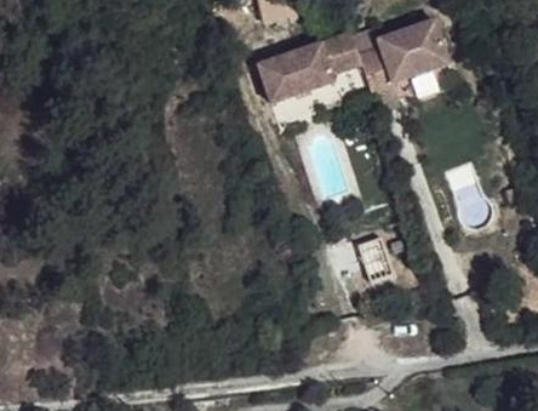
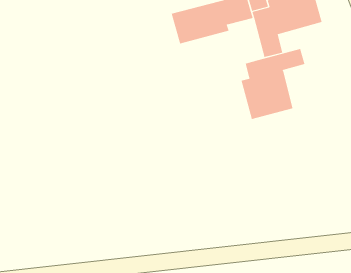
building: none -> [241,48,305,120]

